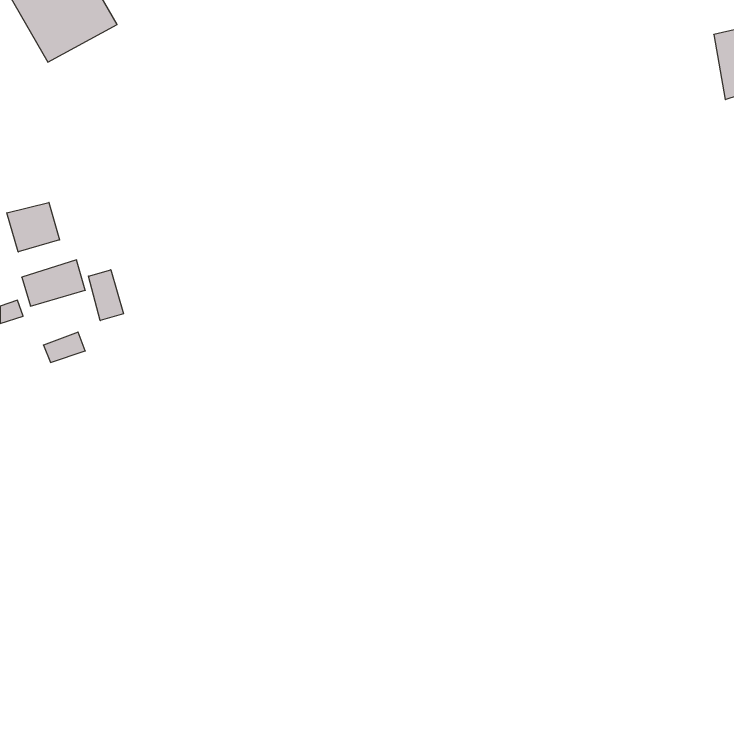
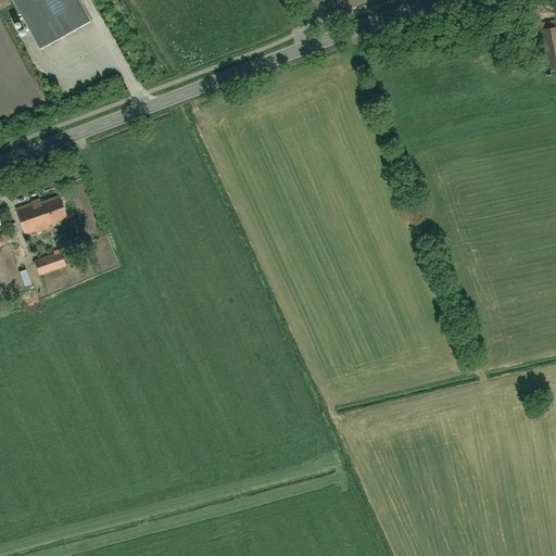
building: [7,202,60,252] -> none
building: [88,270,124,321] -> none

